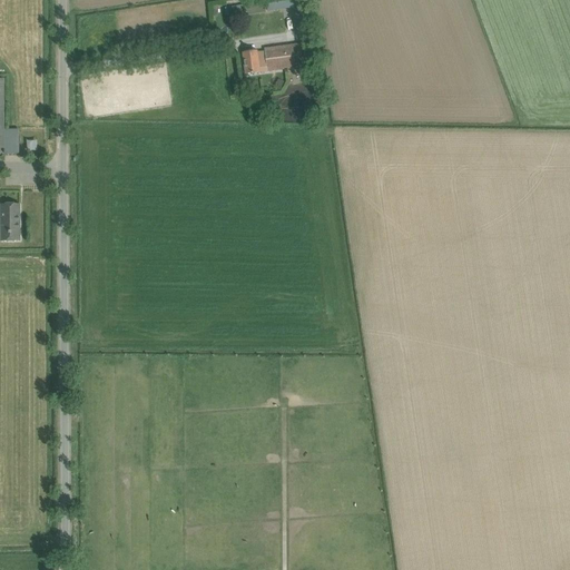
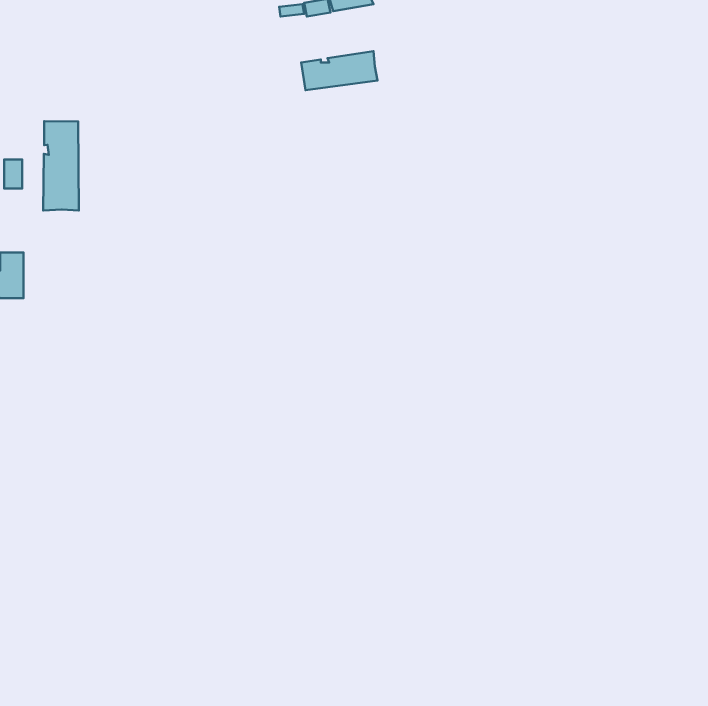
building: none -> [43,121,79,211]

